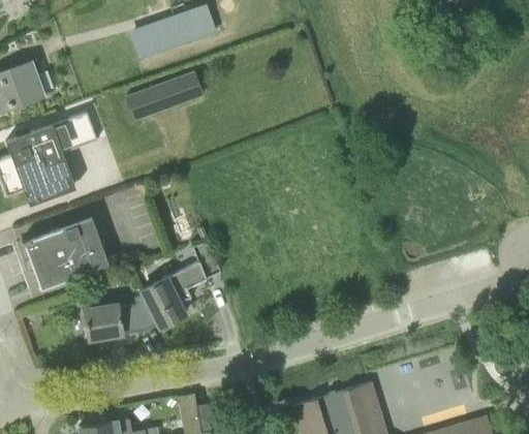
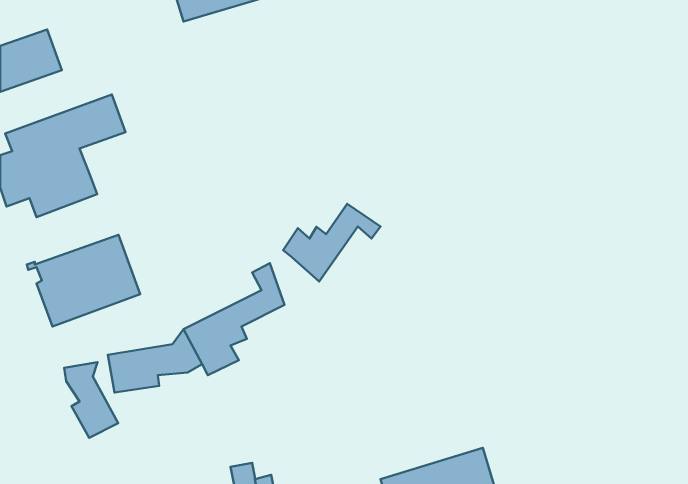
building: [126,71,204,119] -> none
building: none -> [283,204,381,282]
building: none -> [64,362,118,438]

